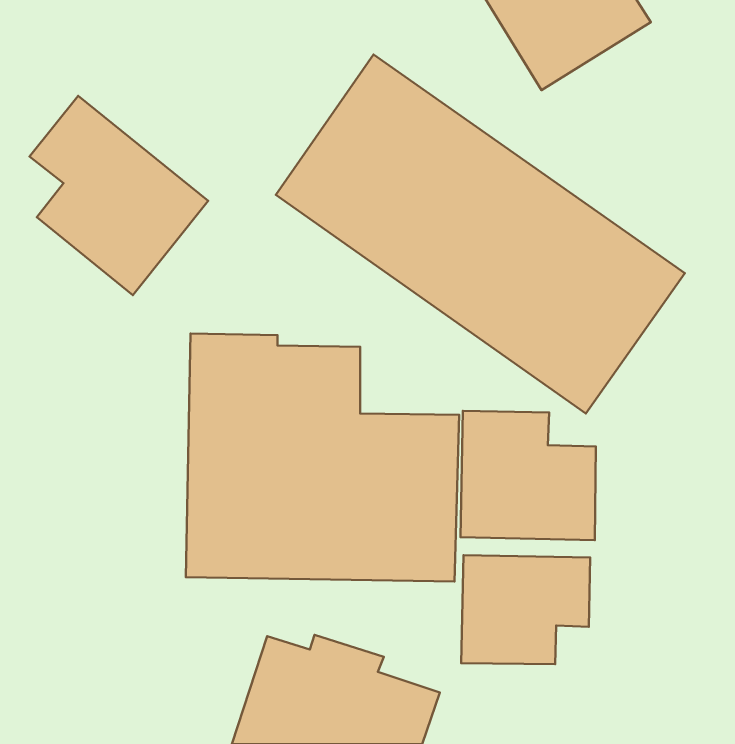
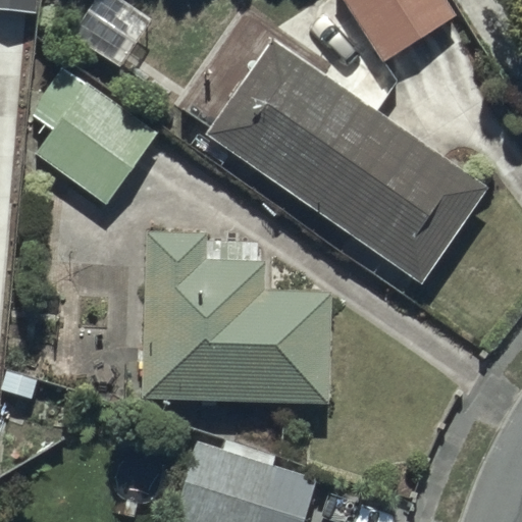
building: [461,411,596,540] -> none
building: [461,555,590,664] -> none

